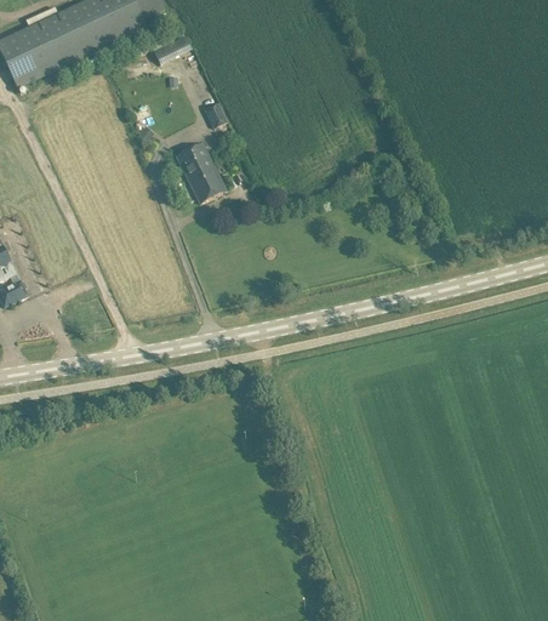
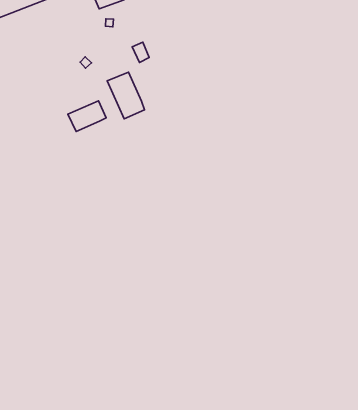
building: none -> [68,101,106,132]

